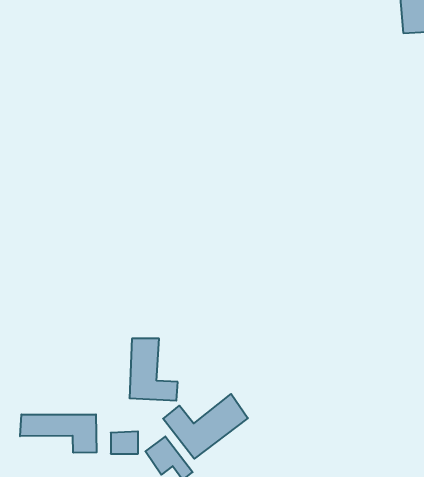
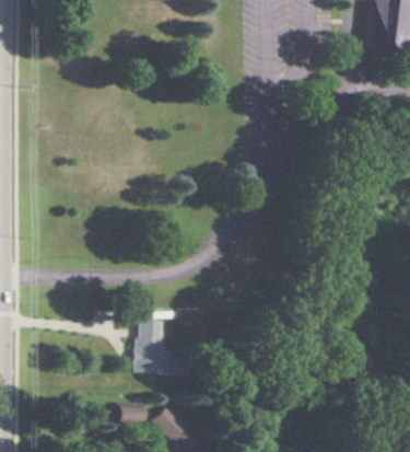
building: [163,394,248,459] -> none
building: [20,414,97,453] -> none

